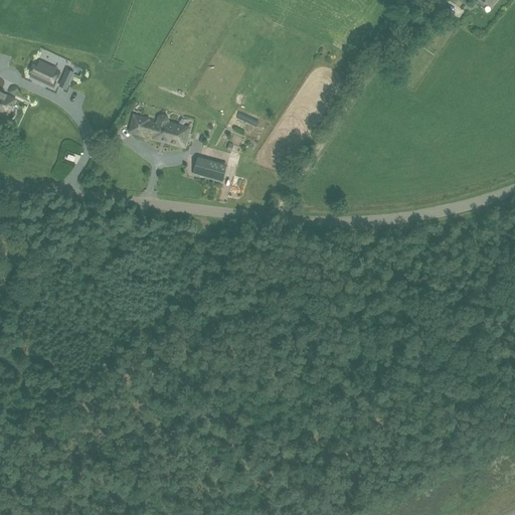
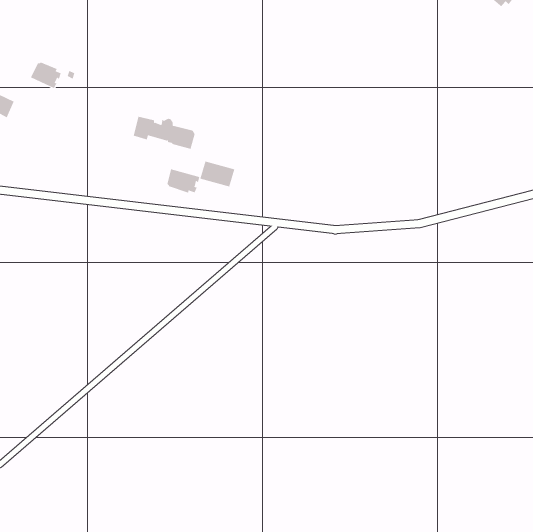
building: none -> [167,168,200,193]

